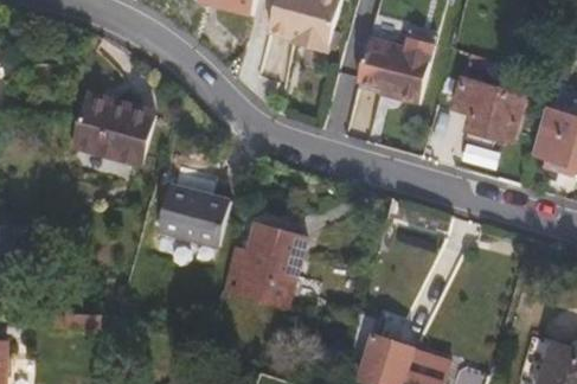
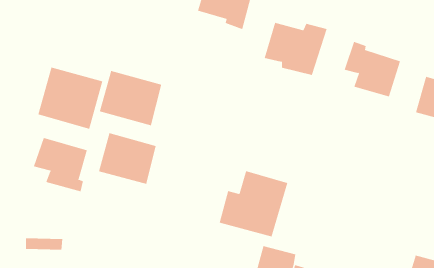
building: none -> [99,70,162,126]
building: none -> [33,137,88,192]
building: [218,229,304,312] -> [219,171,288,237]

